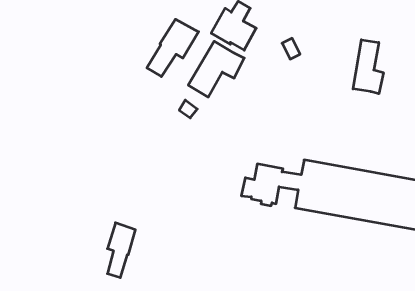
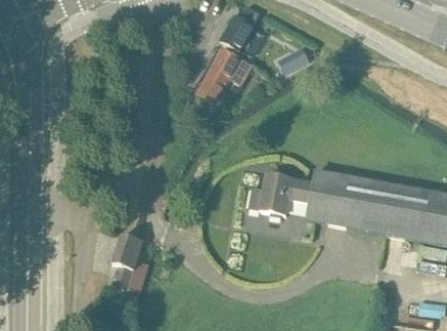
building: [147,19,199,77] -> none
building: [353,40,383,94] -> none

